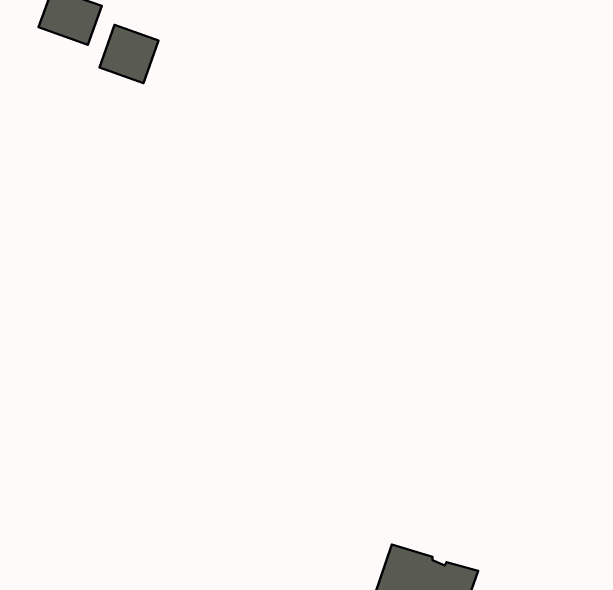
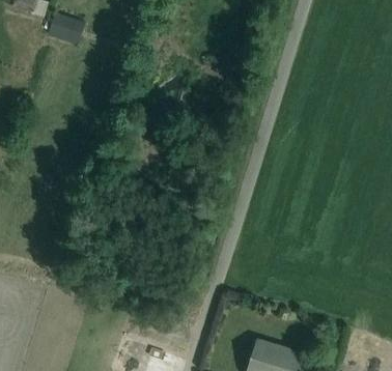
building: [100,25,159,83] -> none

